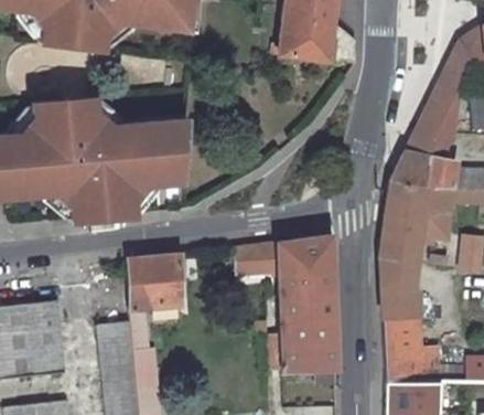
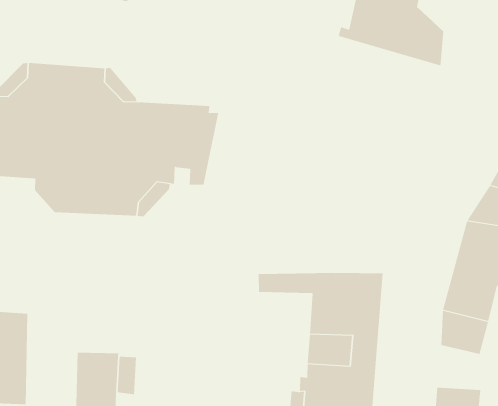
building: [130,253,183,316] -> none
building: [383,284,419,317] -> none

